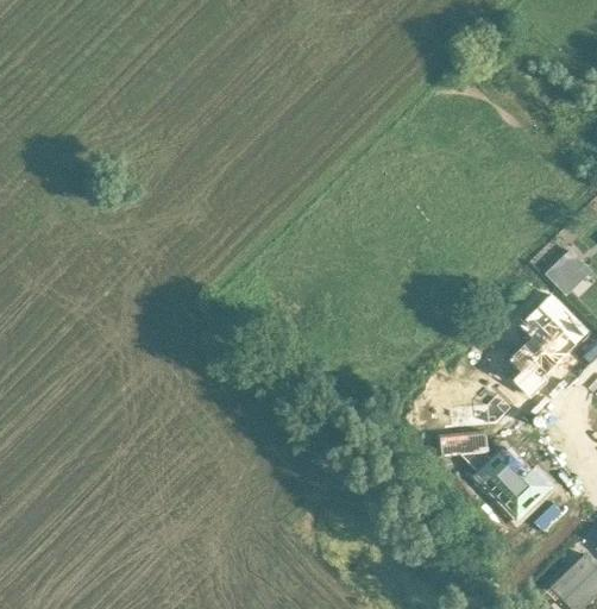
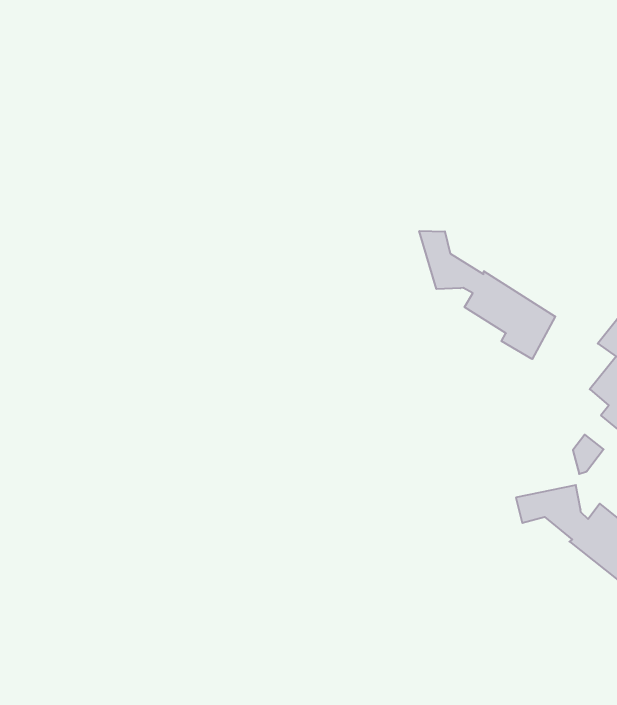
building: none -> [419,231,555,359]

